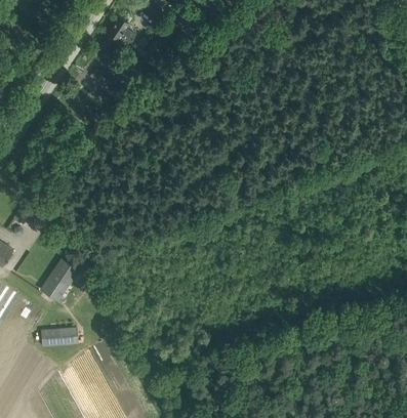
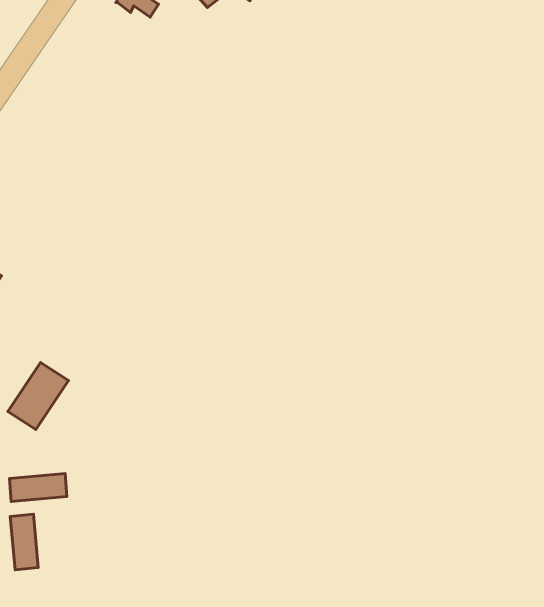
building: none -> [10,514,38,570]

